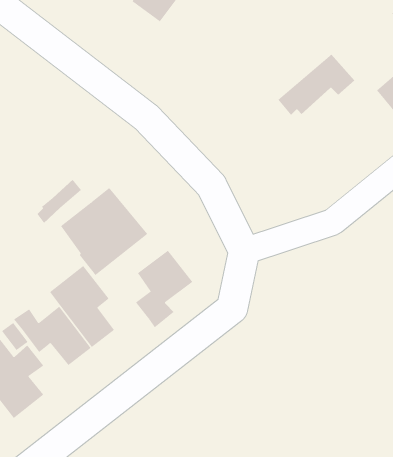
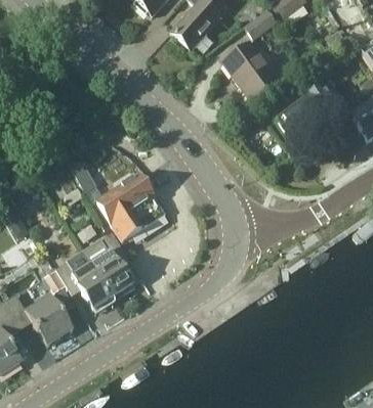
building: none -> [224,42,279,99]
building: [135,250,193,328] -> none

